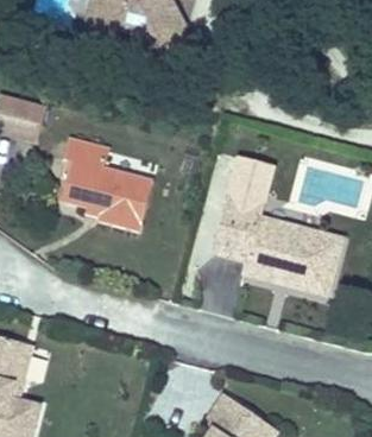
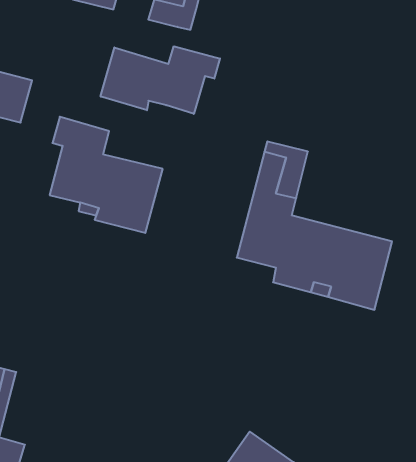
building: none -> [101,46,220,114]

